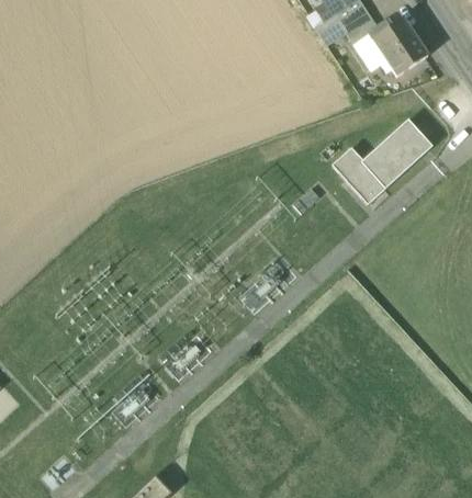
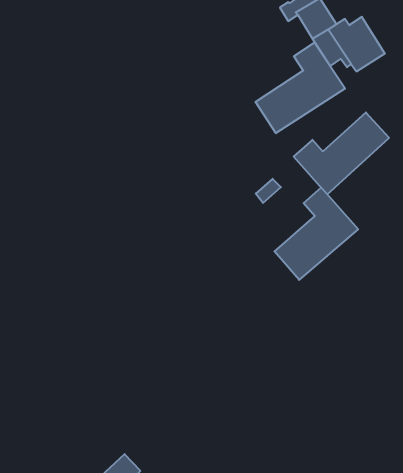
building: none -> [256,42,345,133]
building: none -> [274,188,358,280]

